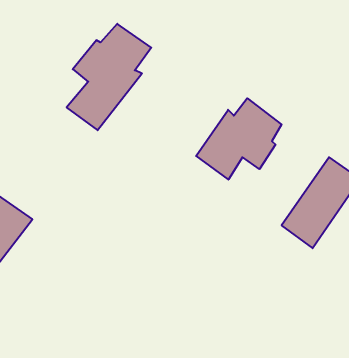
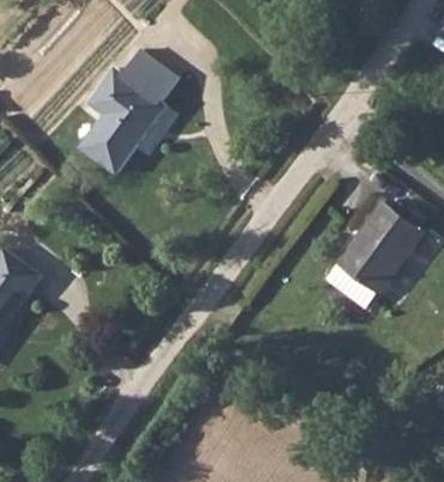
building: [196,98,282,180] -> none

